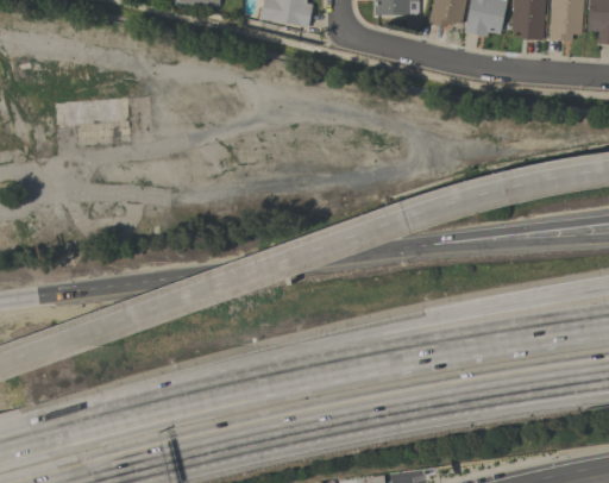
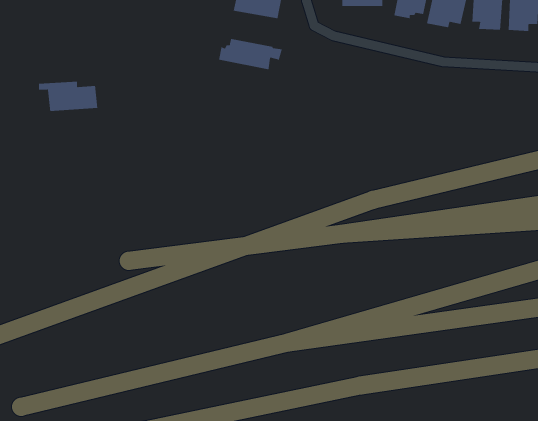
building: none -> [219,38,282,70]

